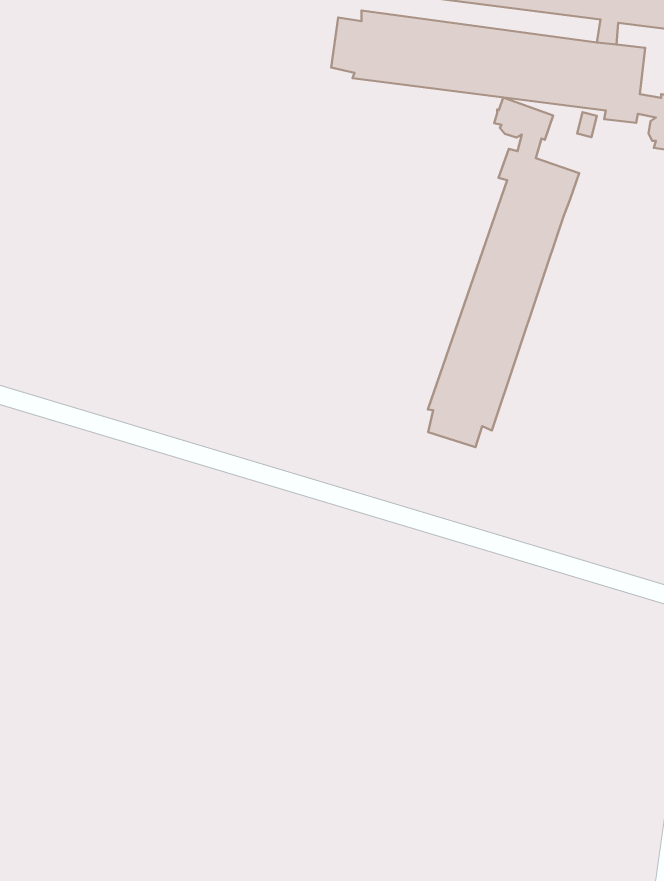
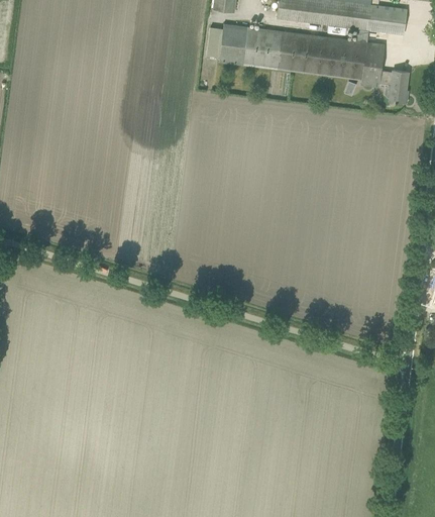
building: [428,97,579,447] -> none

